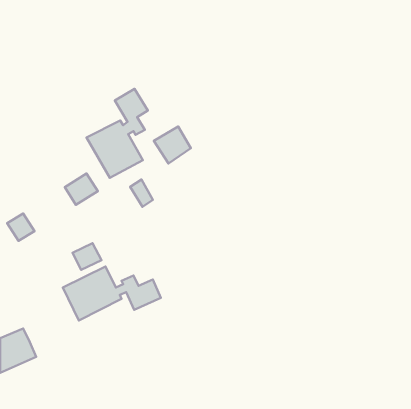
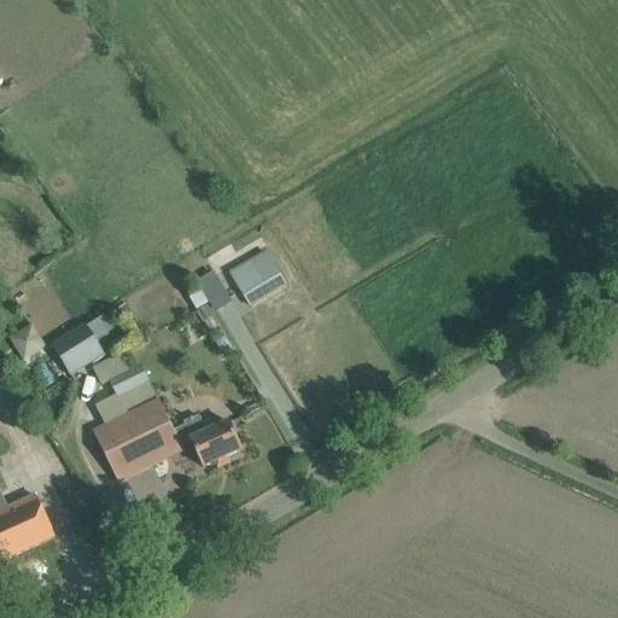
building: [87,89,148,178] -> none
building: [154,126,191,164] -> [228,250,284,305]
building: [65,173,98,205] -> [53,323,103,371]

